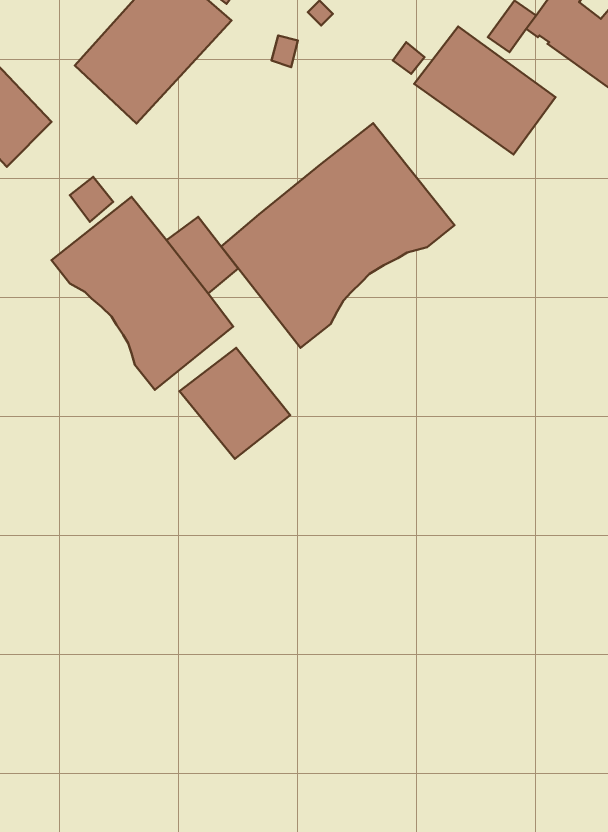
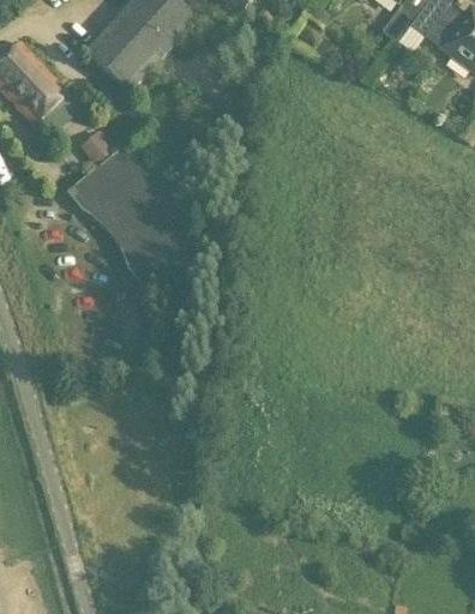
building: [414,26,555,154] -> none
building: [221,123,455,348] -> none
building: [179,348,290,459] -> none

